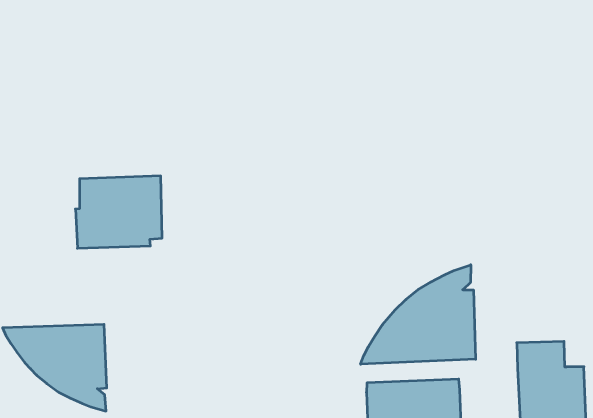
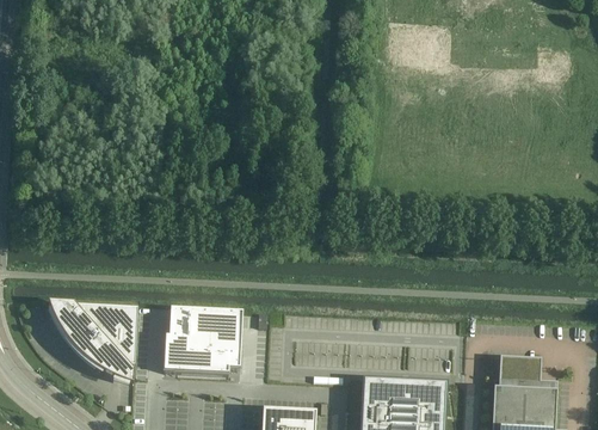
building: [75,176,162,248] -> [162,306,241,370]
building: [361,265,476,364] -> none

